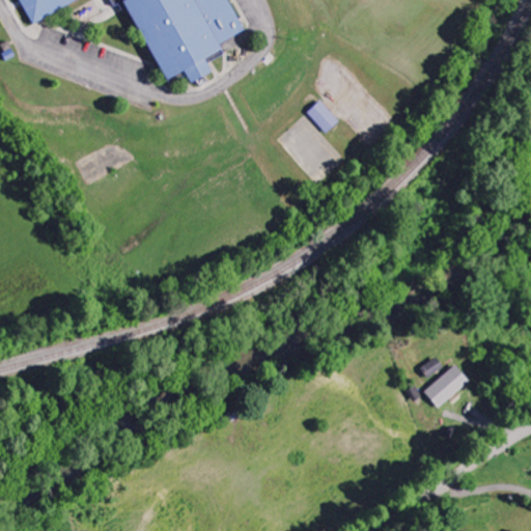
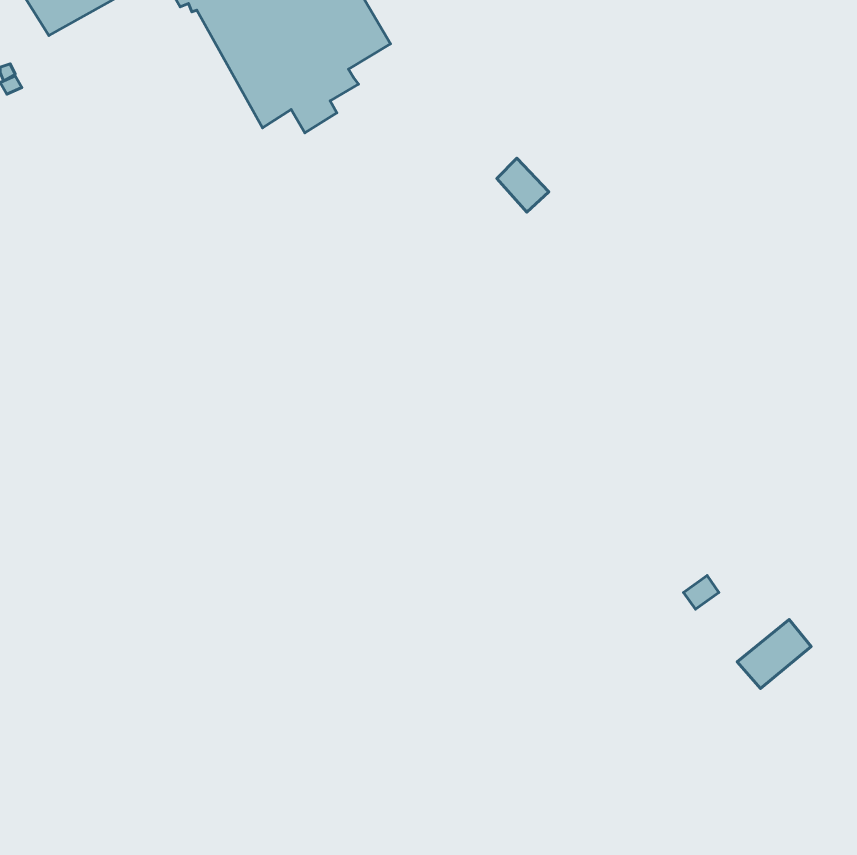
building: [425,363,471,406] -> [737,620,811,689]

